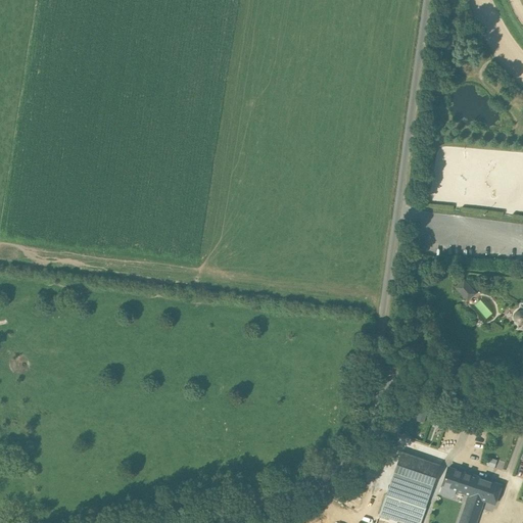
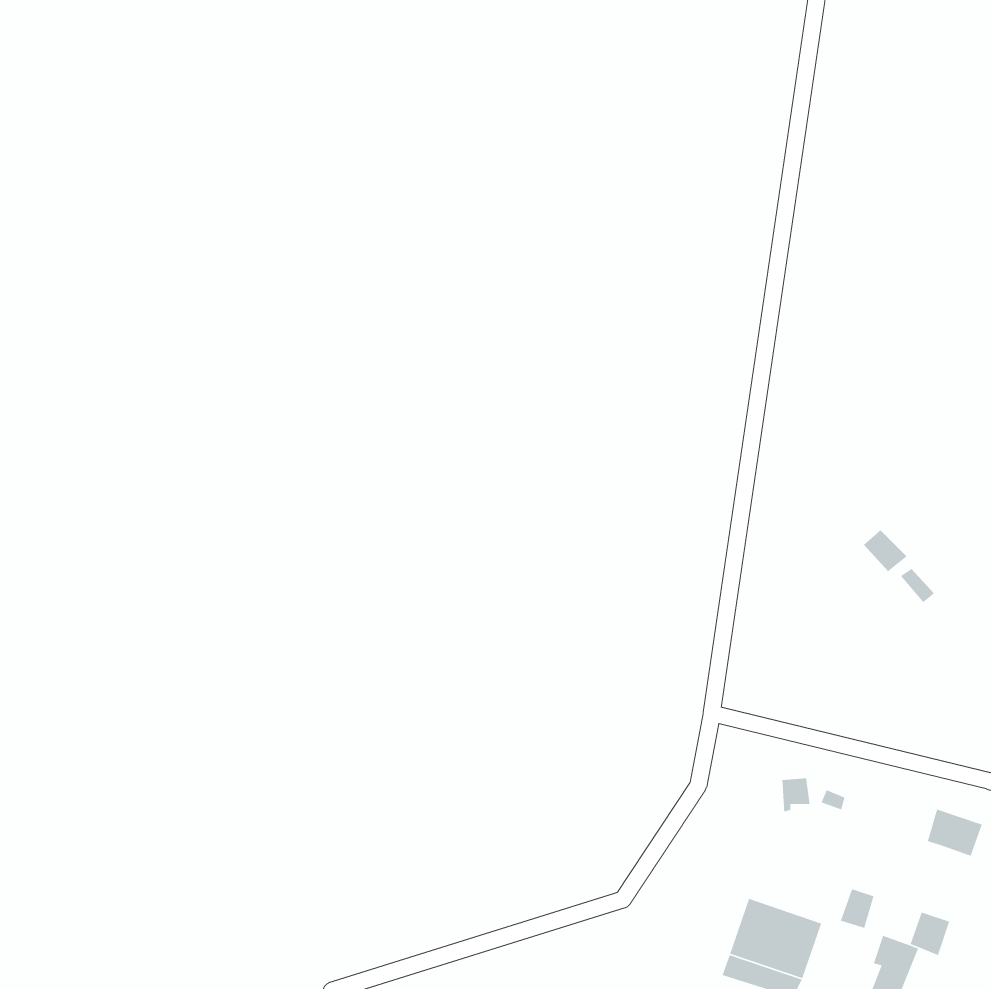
building: [394,453,440,487] -> none
building: [456,473,485,498] -> [927,808,983,857]

